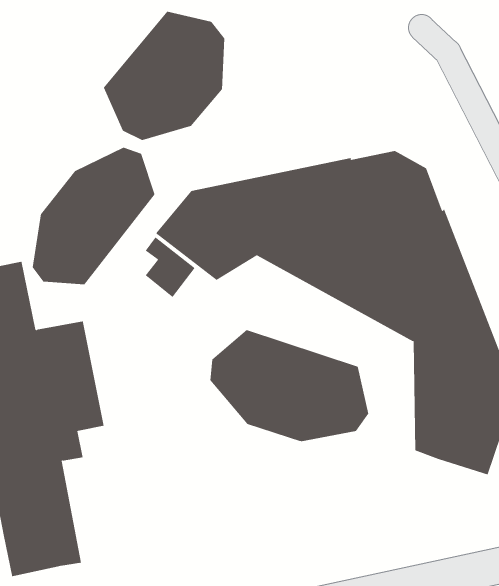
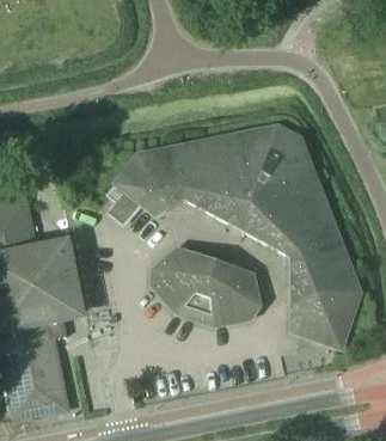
building: [103,11,225,141] -> none
building: [32,147,155,285] -> none

